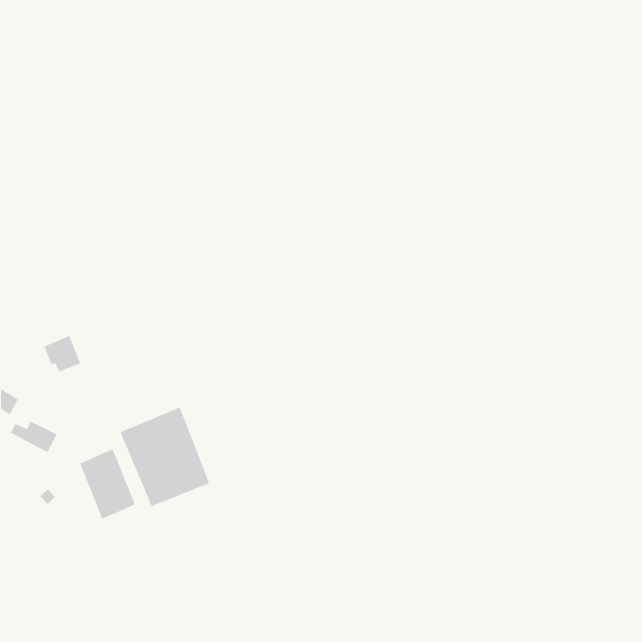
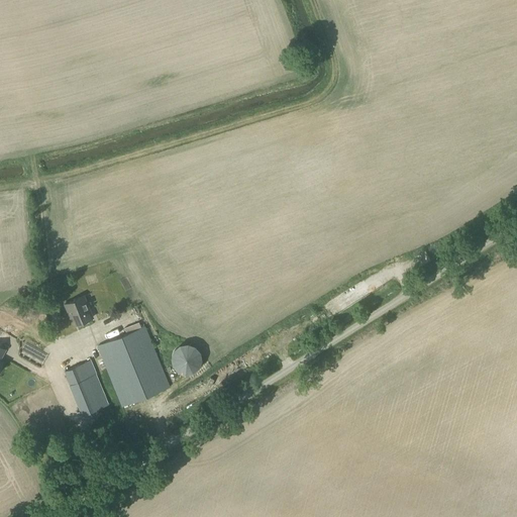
building: [43,335,81,373] -> [64,296,94,326]
building: none -> [173,344,201,374]

